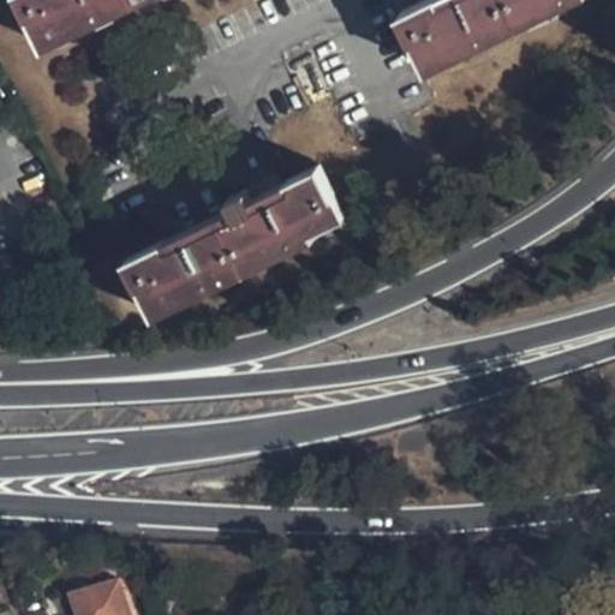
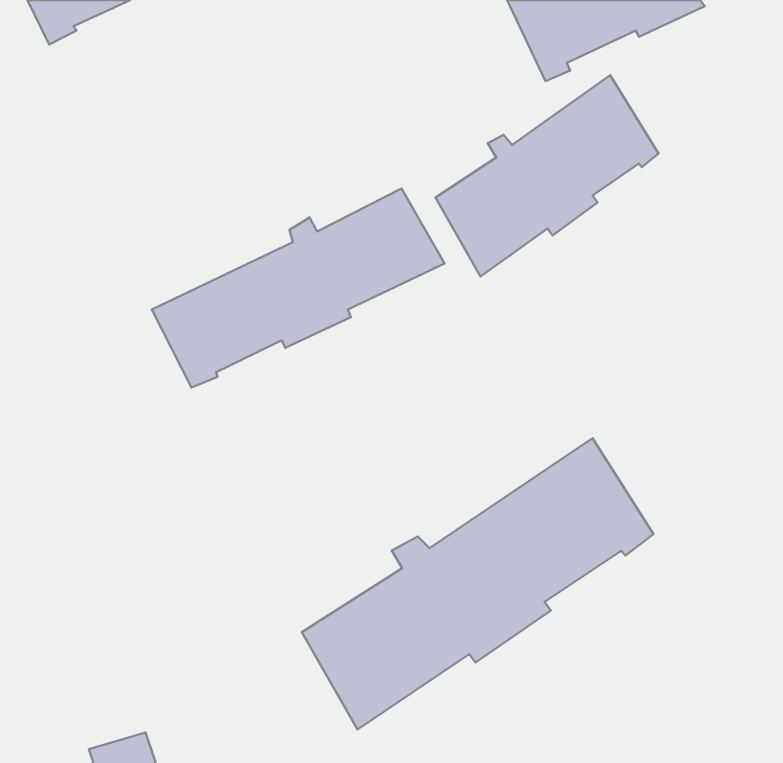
building: none -> [436,75,659,276]
building: none -> [302,438,654,730]

